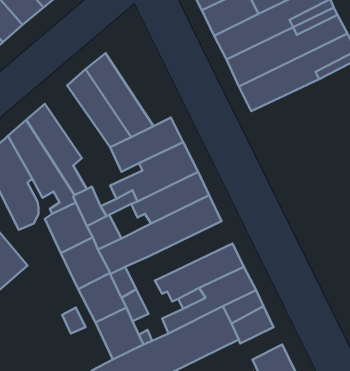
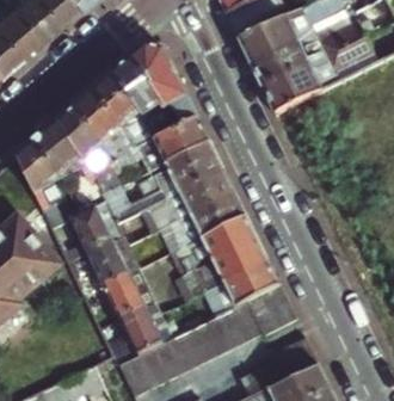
building: none -> [133,44,196,127]
building: none -> [74,87,142,166]
building: none -> [176,218,256,273]

